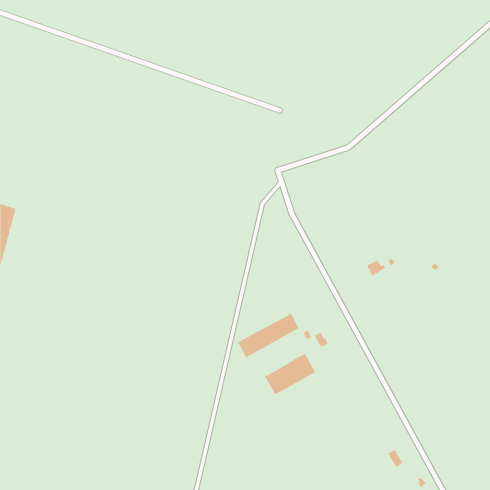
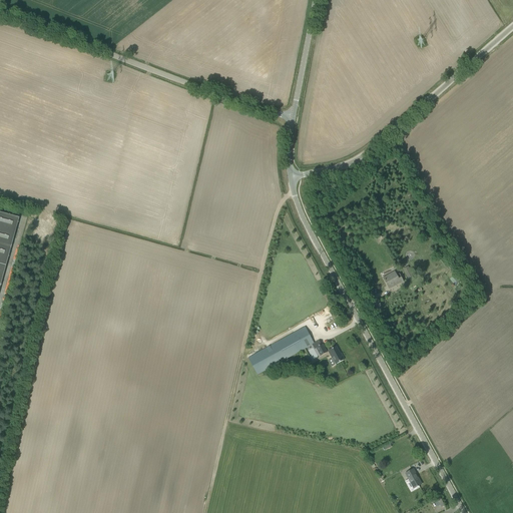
building: [264,353,316,395] -> none

